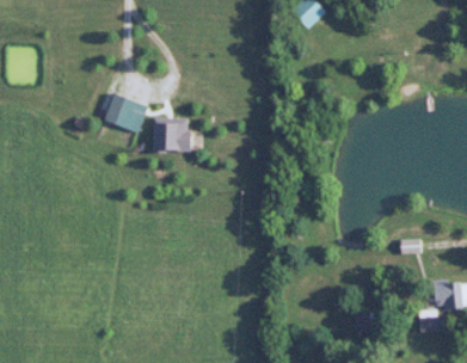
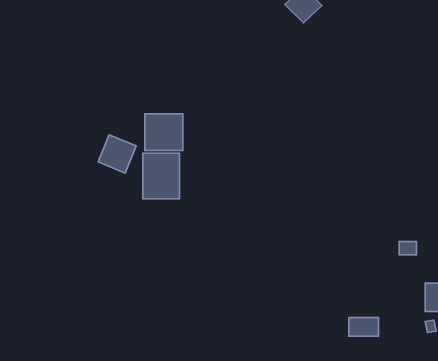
building: [111,96,148,133] -> [98,135,136,173]
building: none -> [143,153,179,199]

